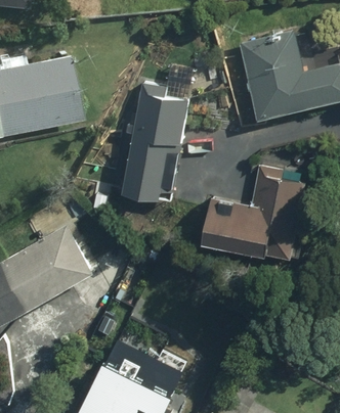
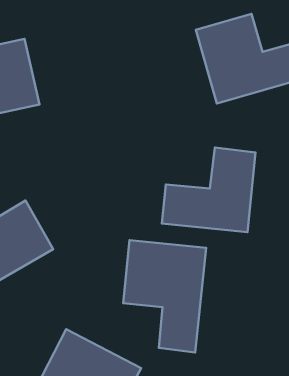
building: [123,72,190,199] -> none
building: none -> [123,240,206,352]

